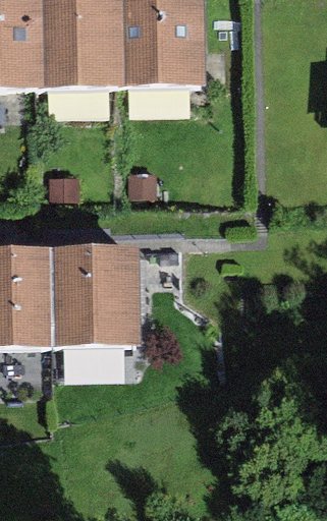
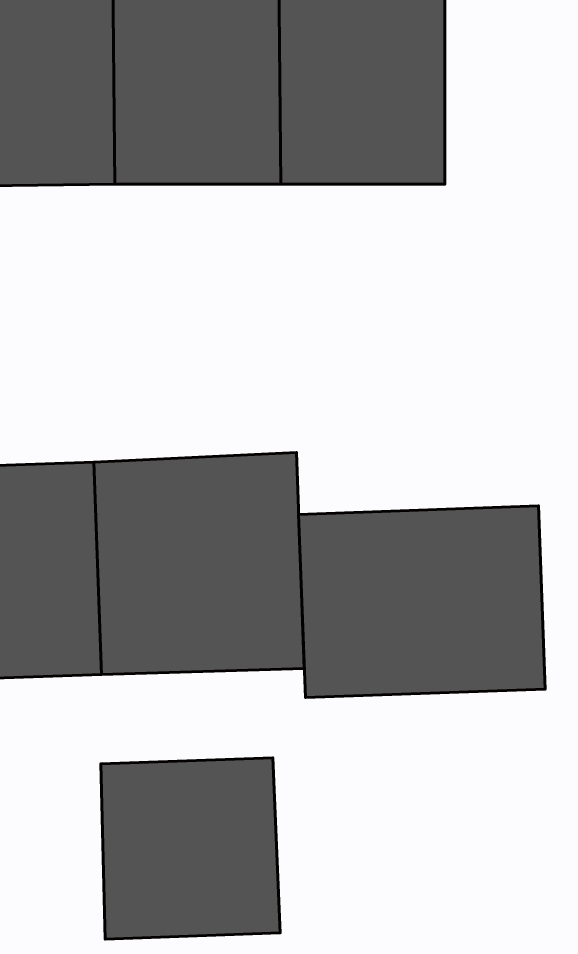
building: none -> [299,506,545,698]
building: none -> [101,758,280,939]

